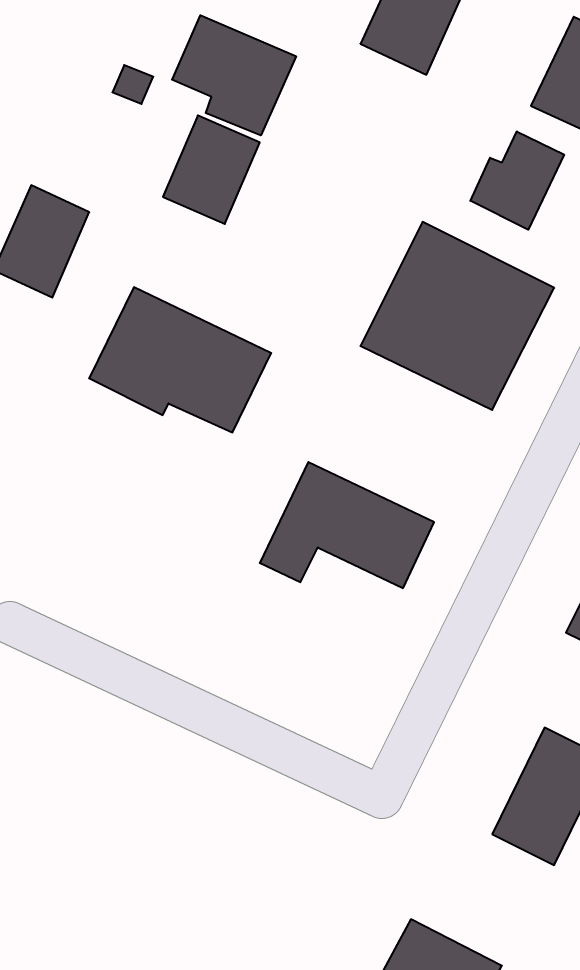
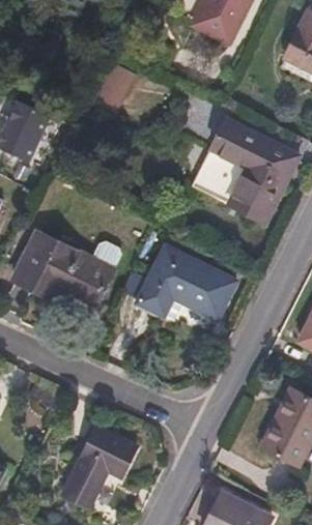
building: [172,15,296,135] -> none
building: [470,131,564,230] -> none
building: [89,287,271,432] -> [15,231,112,309]
building: none -> [64,427,137,506]

